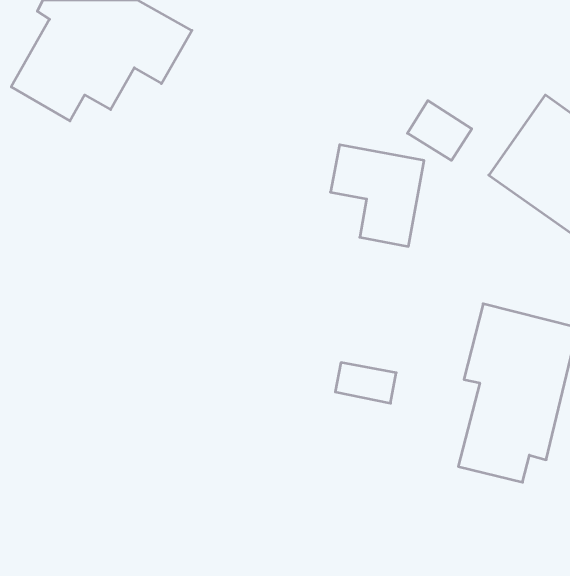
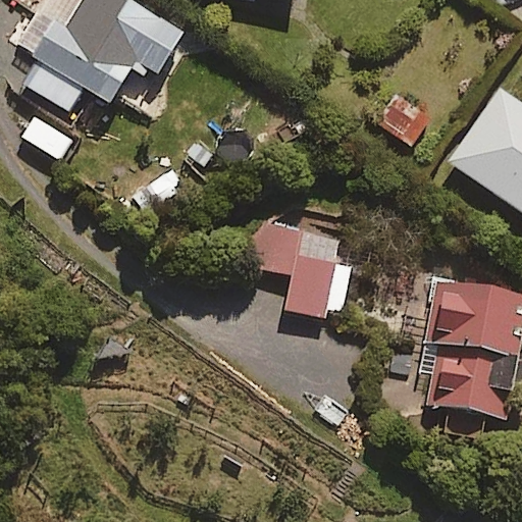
building: [330,145,424,246] -> [259,225,344,317]

